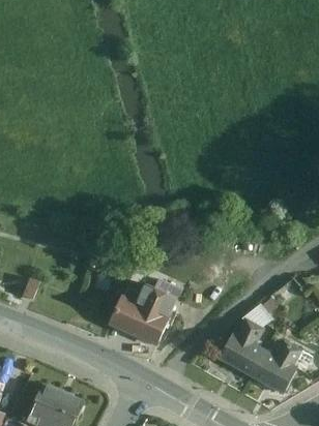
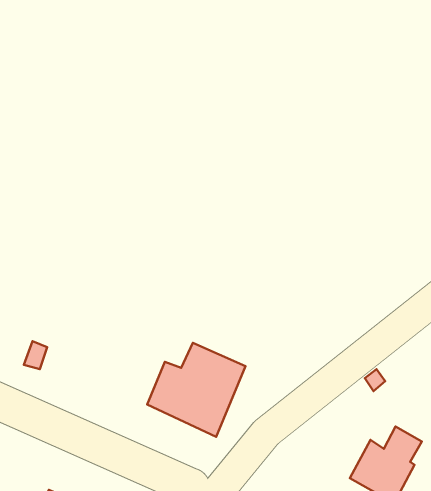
building: [219,317,266,375] -> none

